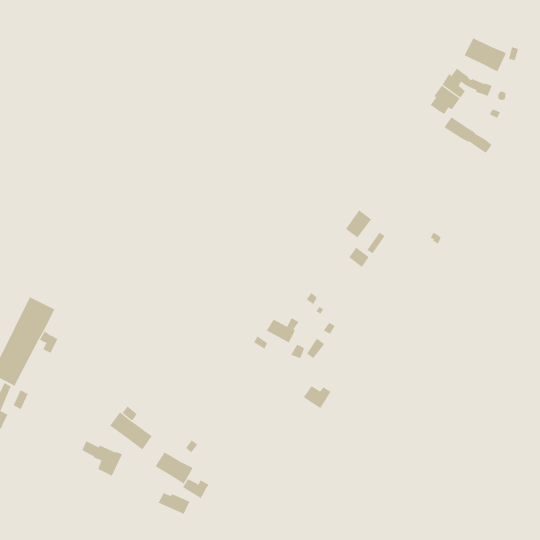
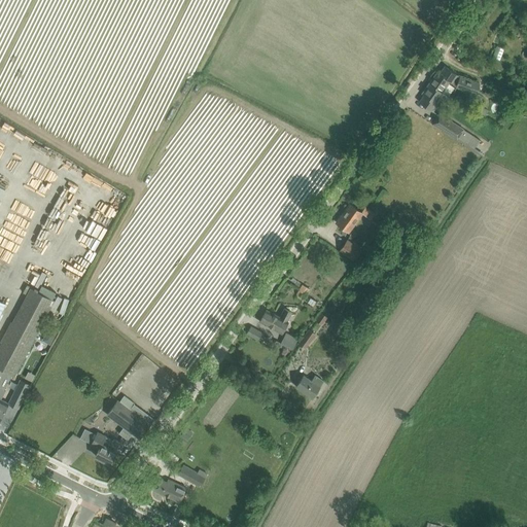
building: [464,37,506,72] -> none
building: [155,451,193,484] -> none

